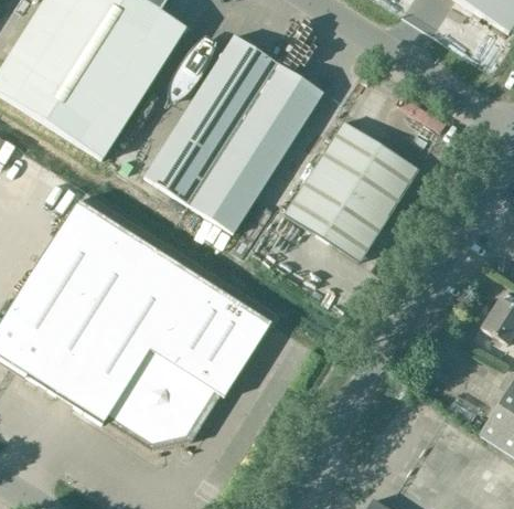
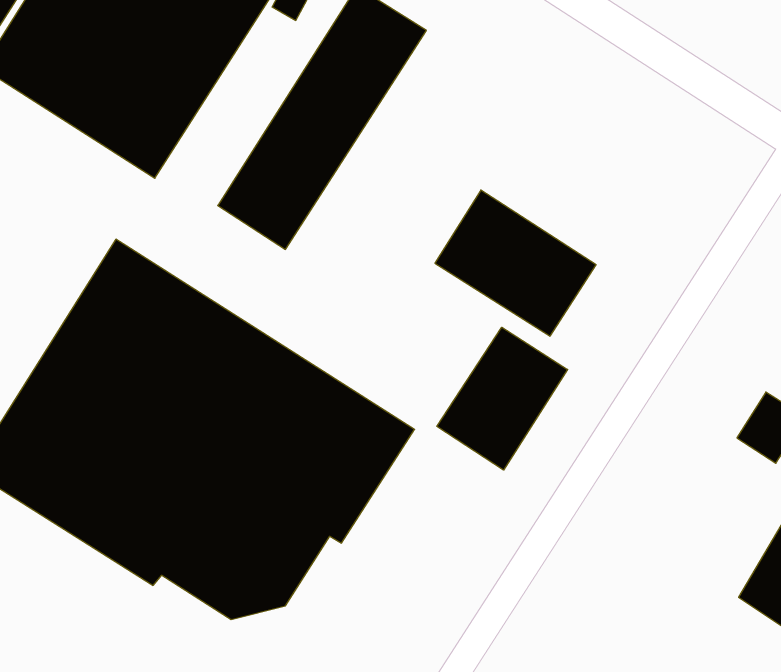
building: [188,63,323,234] -> none
building: [314,120,419,215] -> none
building: none -> [437,327,568,470]

